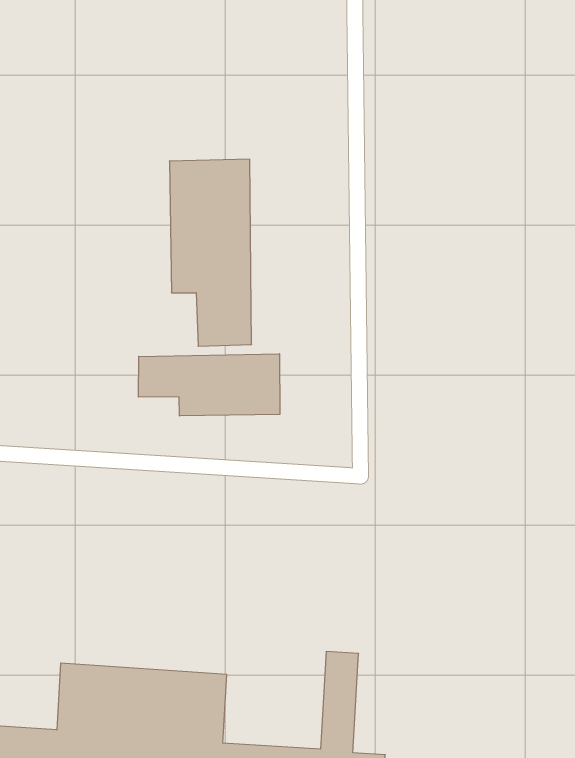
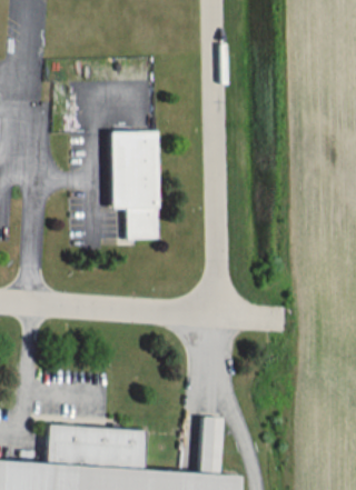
building: [138,354,280,416] -> none

